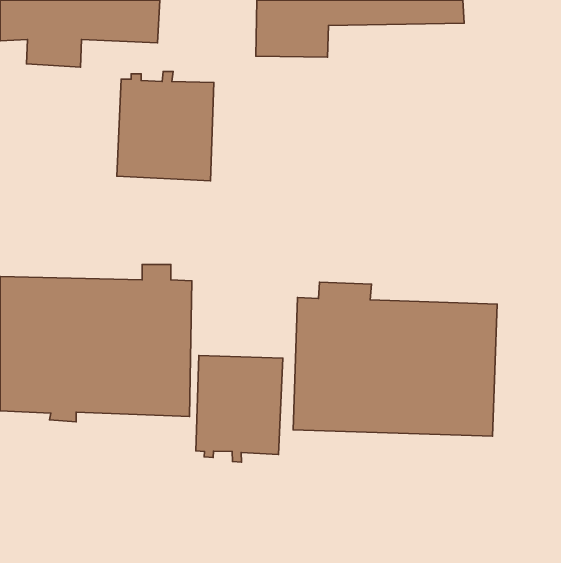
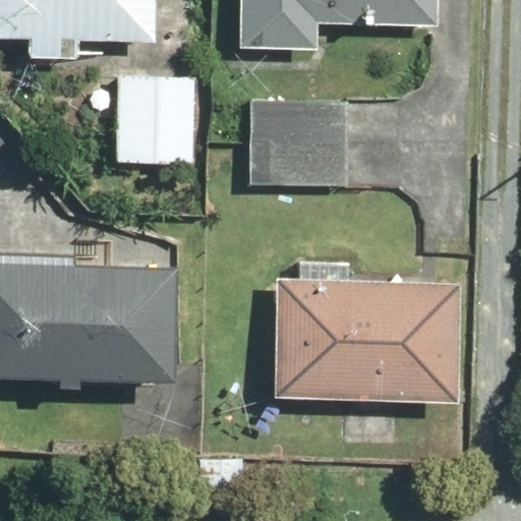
building: none -> [243,96,352,194]
building: [196,355,283,462] -> none

